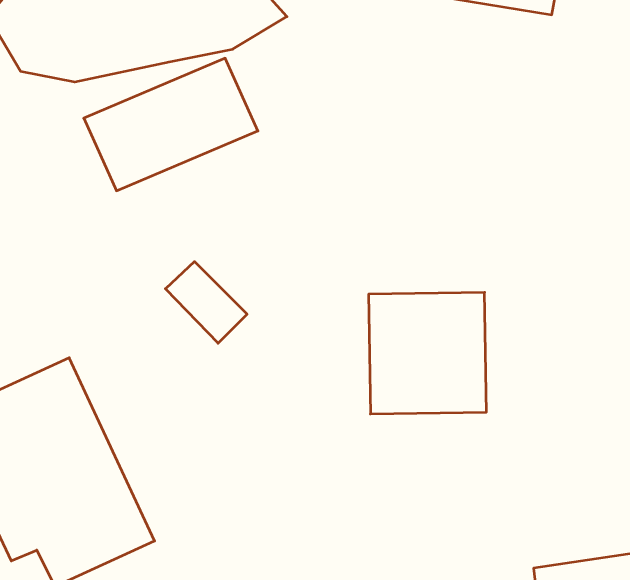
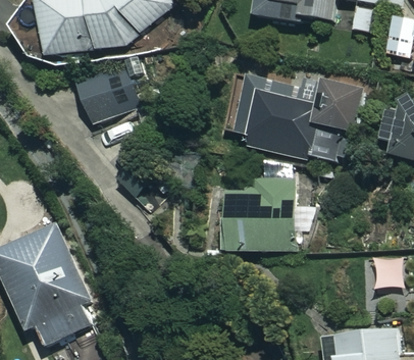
building: none -> [226,73,363,167]

